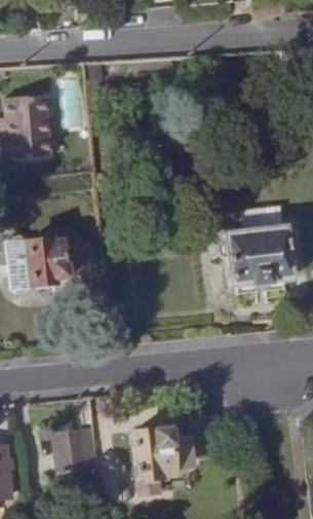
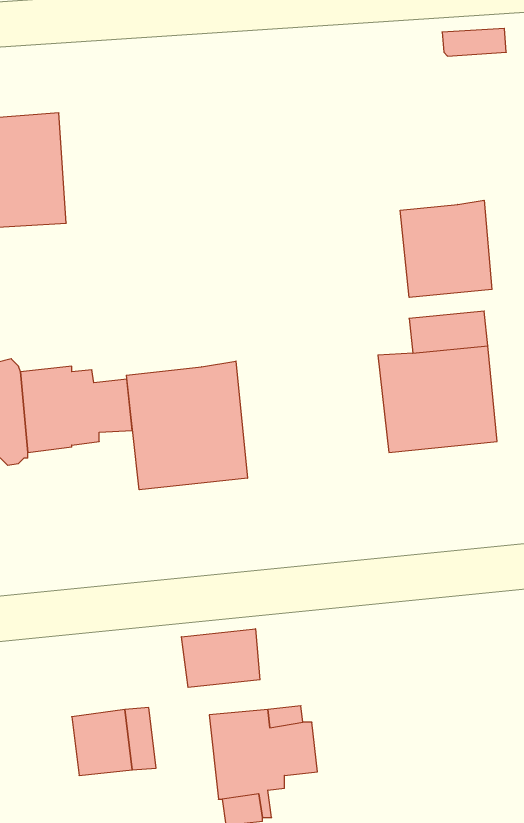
building: none -> [400,200,492,297]
building: none -> [126,361,247,490]
building: none -> [181,629,260,687]

